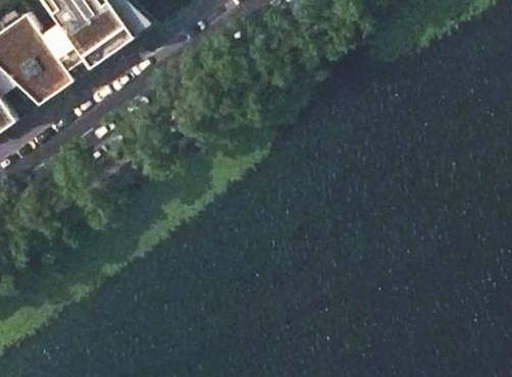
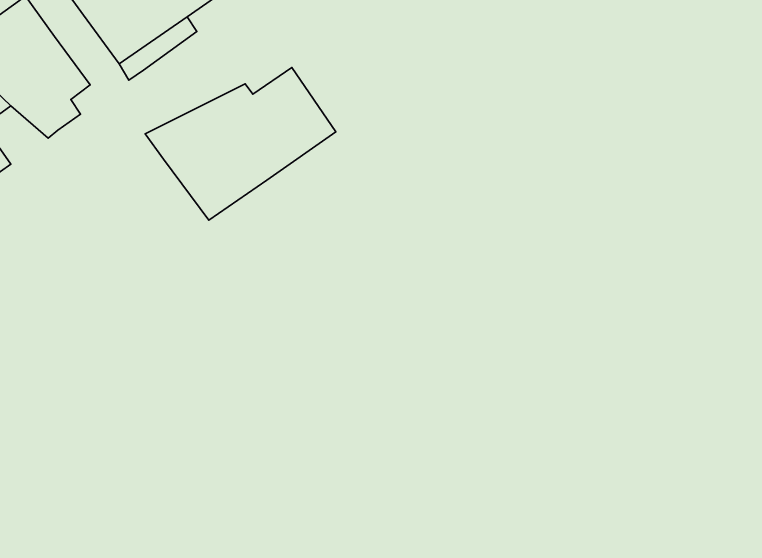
building: [44,25,91,88] -> none
building: none -> [145,68,336,220]

